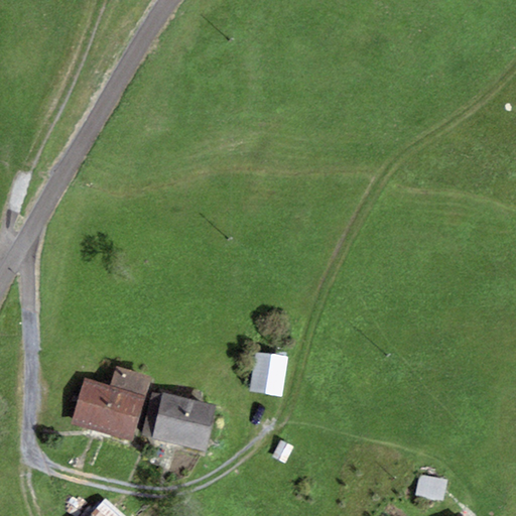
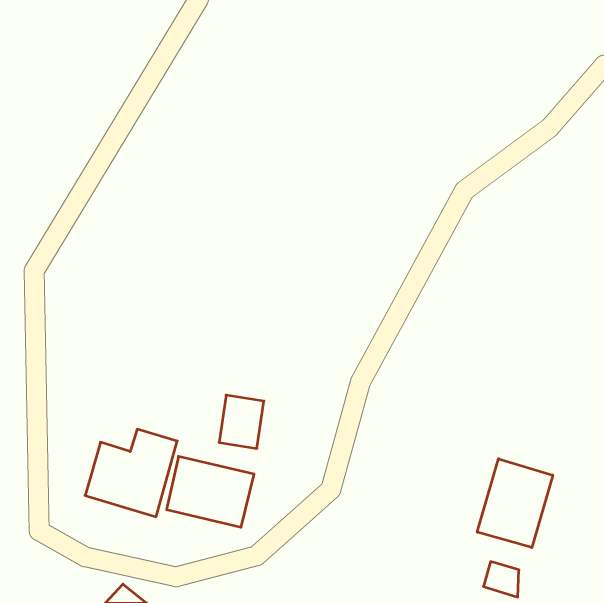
building: [250,351,288,396] -> [219,395,264,448]
building: none -> [477,459,553,548]

